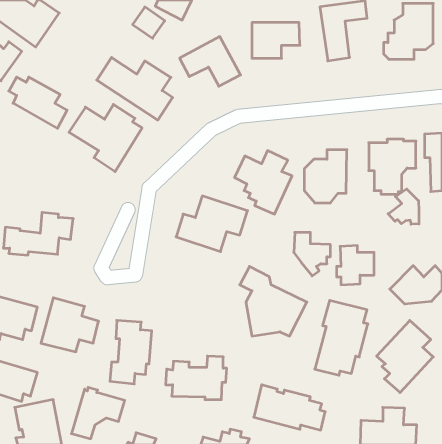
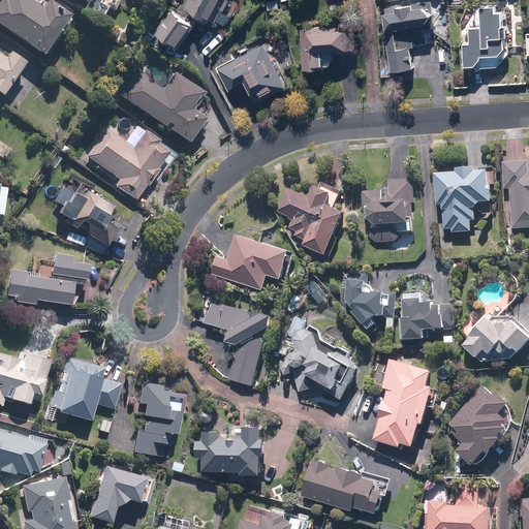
building: [9,77,67,128] -> [51,185,120,246]
building: [388,189,419,224] -> none
building: none -> [207,301,277,386]

